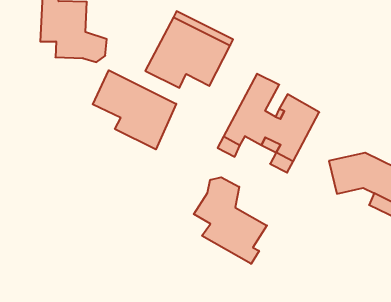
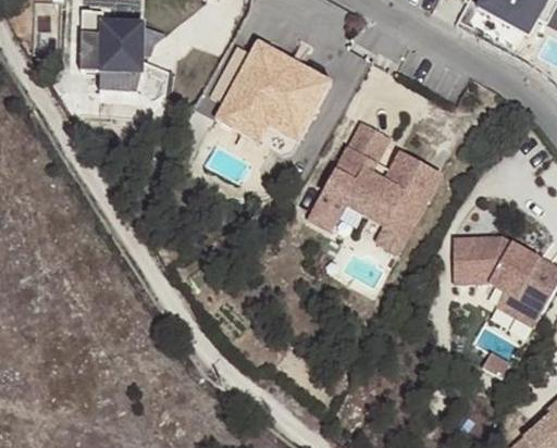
building: [93,70,176,149] -> none
building: [194,177,267,264] -> none

